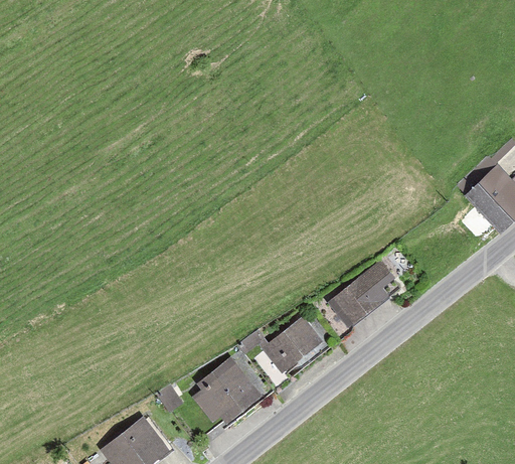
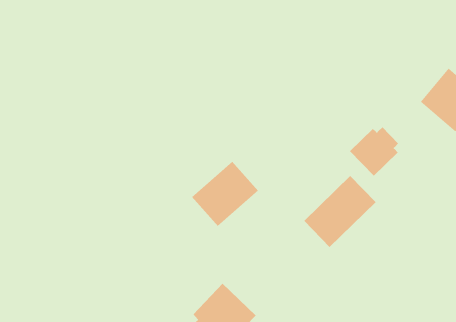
building: none -> [349,127,399,177]
building: [248,316,319,381] -> [191,161,259,227]

